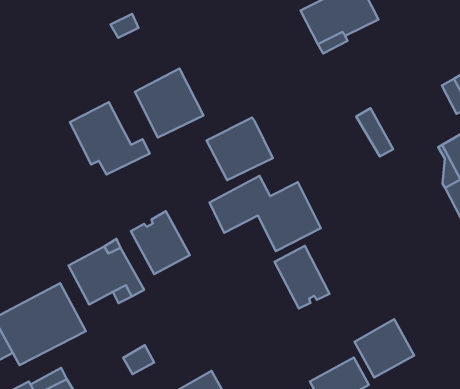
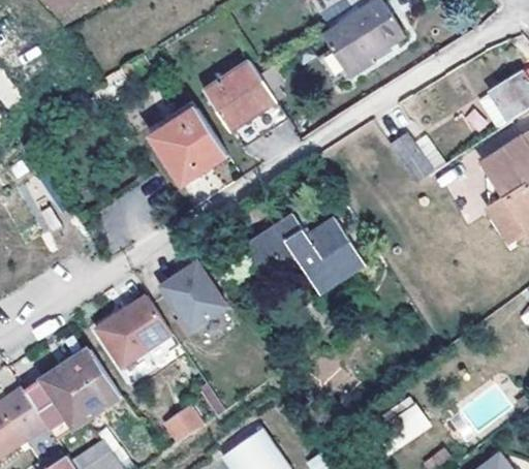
building: [70,102,150,175] -> none
building: [206,117,273,180] -> [208,69,280,138]
building: [275,246,330,308] -> none
building: [354,319,414,377] -> none

